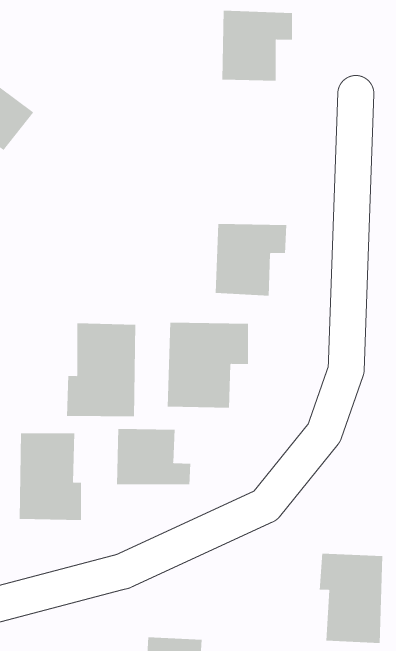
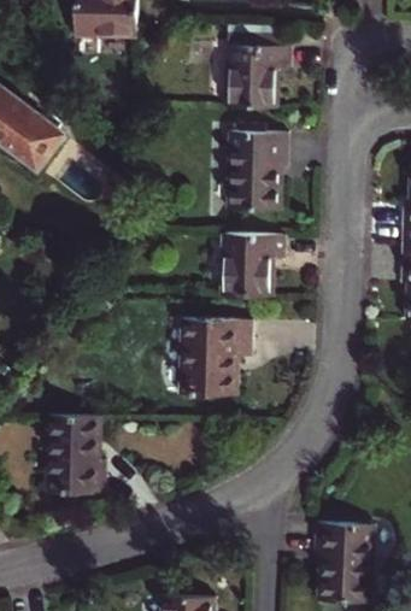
building: none -> [229,131,288,211]
building: [67,322,136,417] -> none
building: [117,428,191,485] -> none

